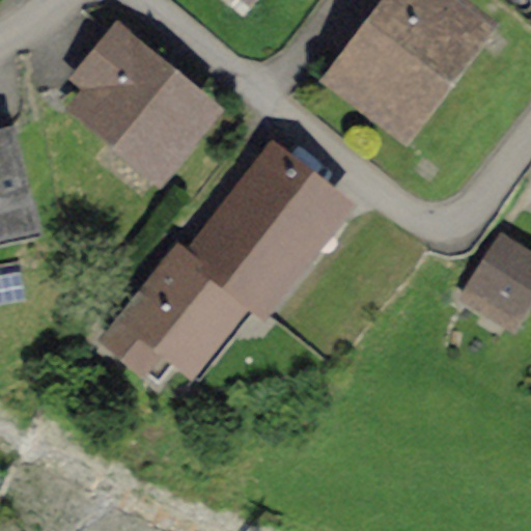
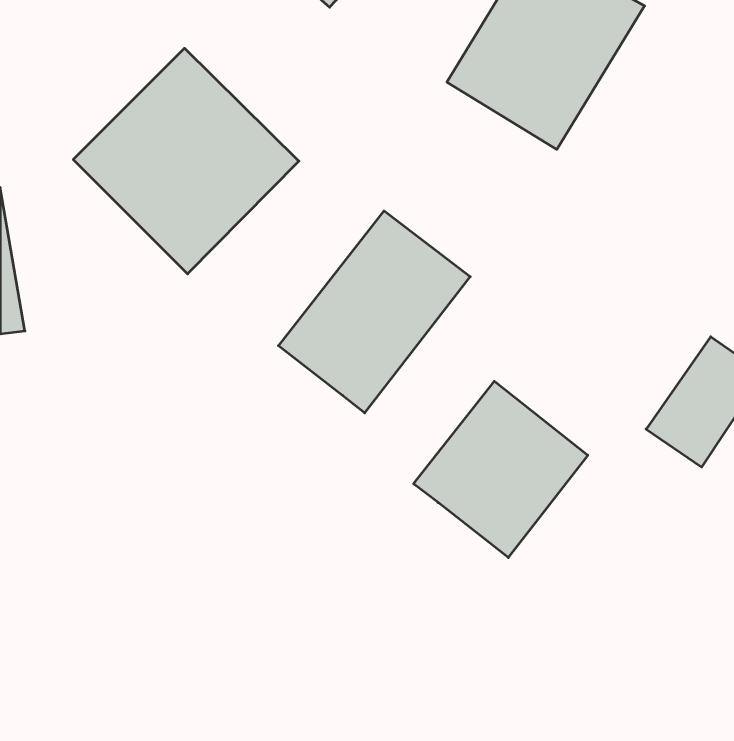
building: [124,233,253,369] -> none
building: none -> [414,381,588,558]

